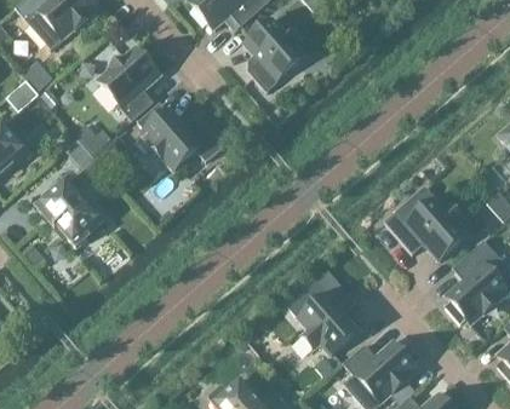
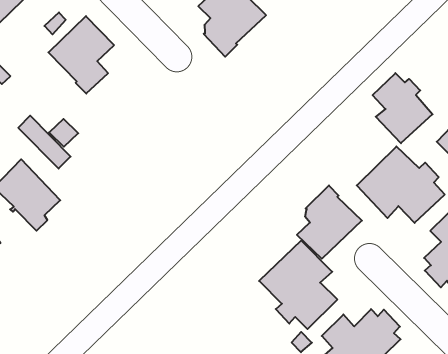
building: [137,103,224,171] -> none
building: none -> [373,73,433,143]
building: none -> [297,185,362,259]

